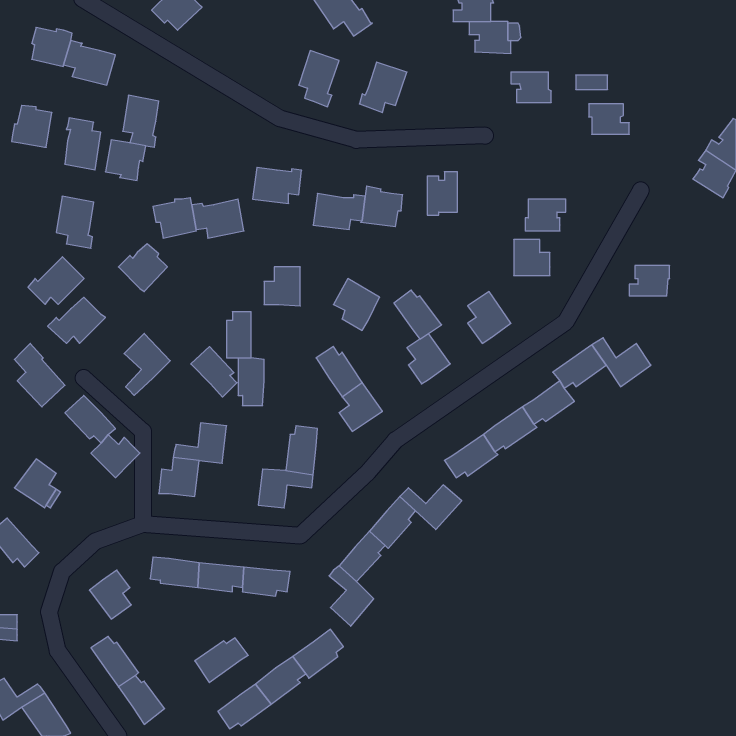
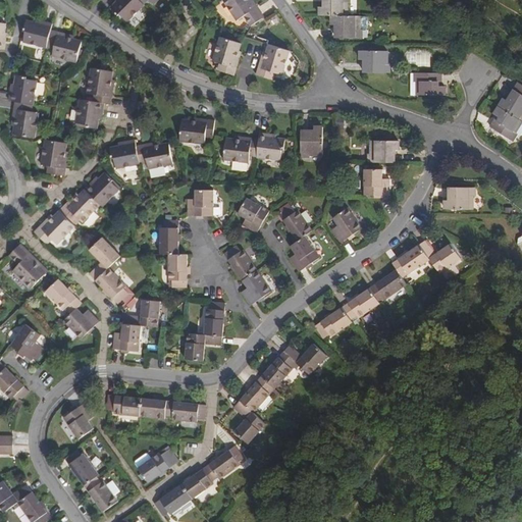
building: [65,118,101,170] -> [11,101,37,138]
building: [28,257,84,304] -> [59,189,99,222]
building: [191,347,237,397] -> [95,267,127,303]

